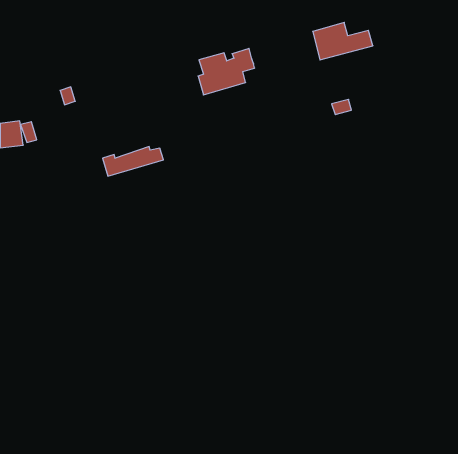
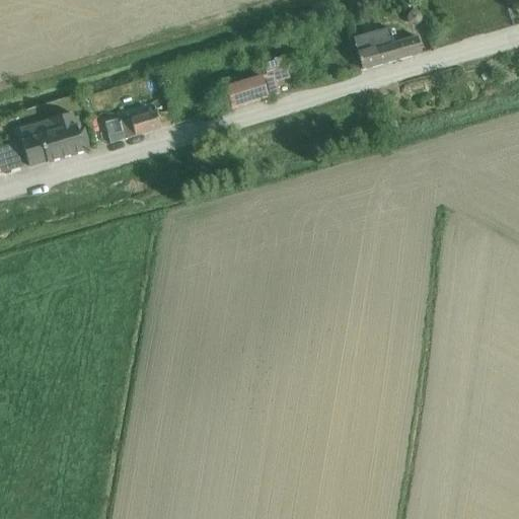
building: none -> [40,122,88,160]
building: [103,147,163,176] -> [103,108,172,142]

